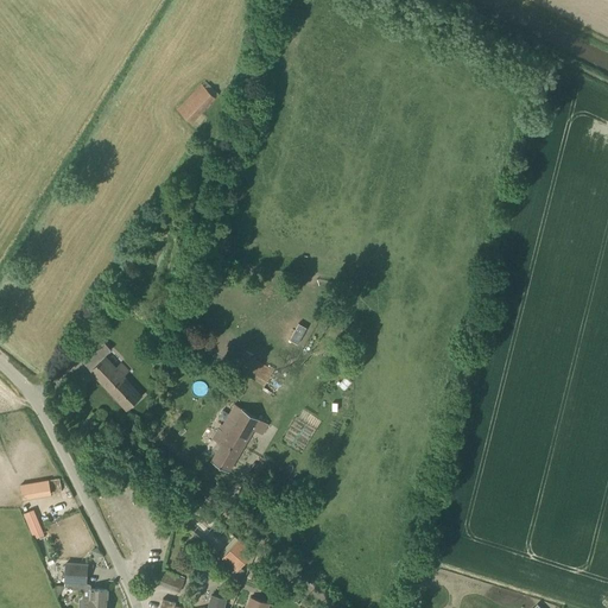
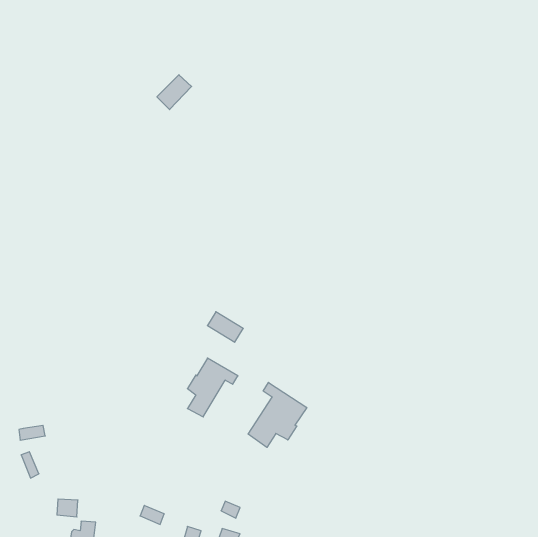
building: [81,341,142,411] -> none
building: none -> [248,382,307,447]
building: [220,538,253,580] -> none

